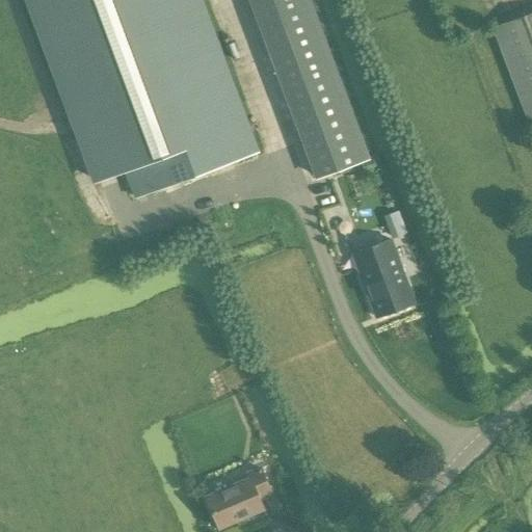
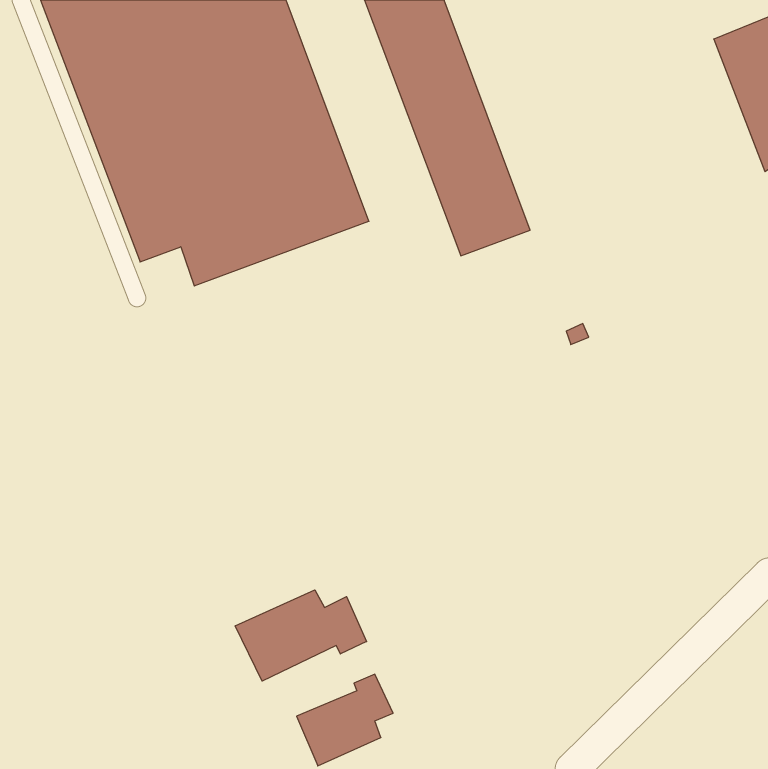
building: [353,239,415,317] -> none
building: none -> [235,590,367,681]

